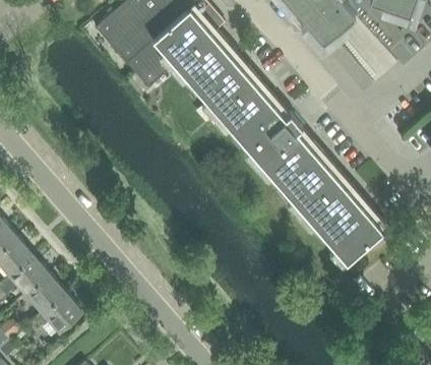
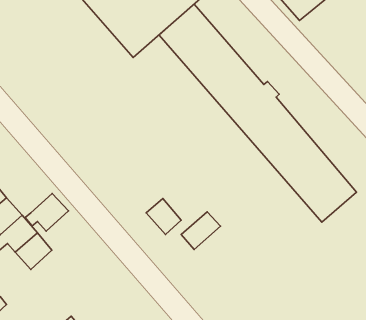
building: none -> [146,198,181,235]
building: none -> [181,212,220,249]
building: [36,291,81,330] -> [25,193,69,231]

